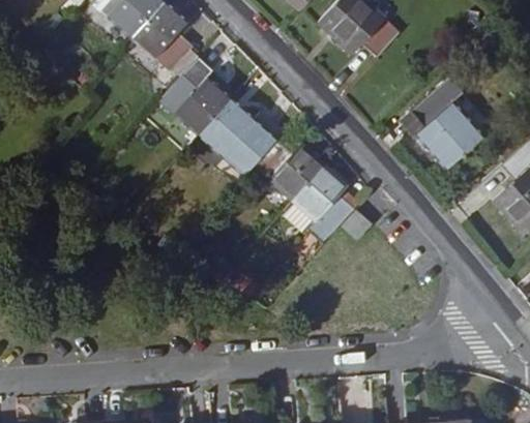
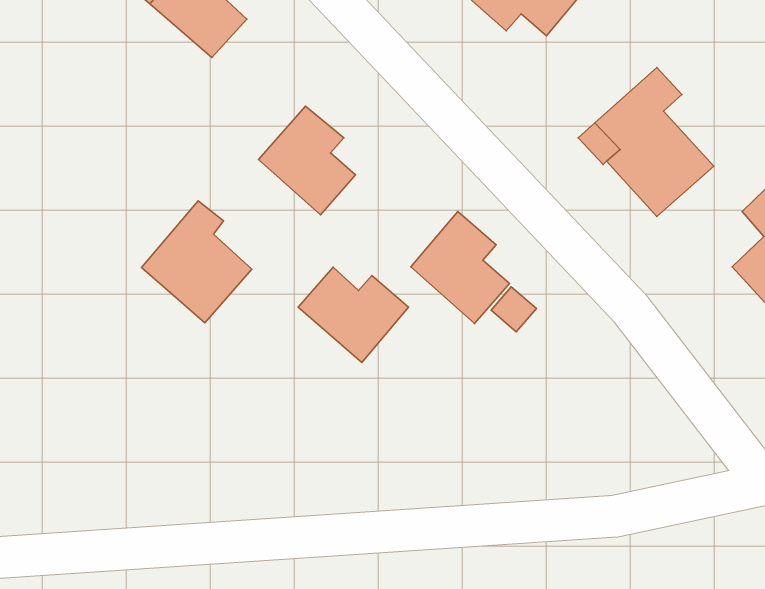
building: [159,59,228,134] -> [141,201,252,323]
building: [254,142,322,201] -> [298,267,409,362]

